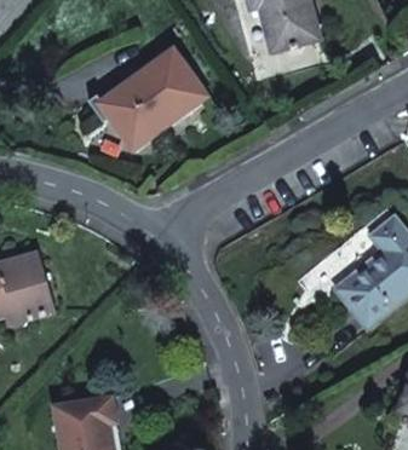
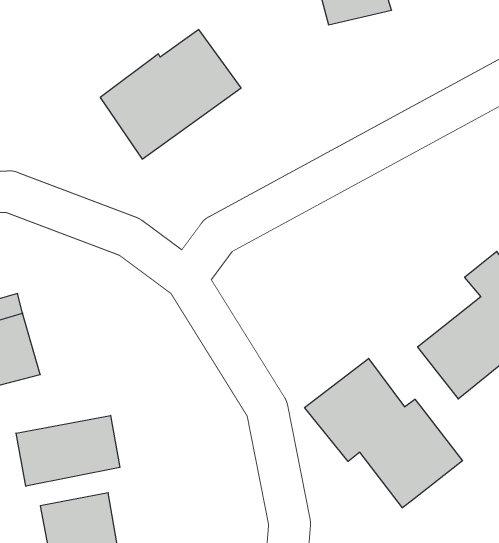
building: none -> [305,358,462,508]
building: none -> [16,415,120,486]

